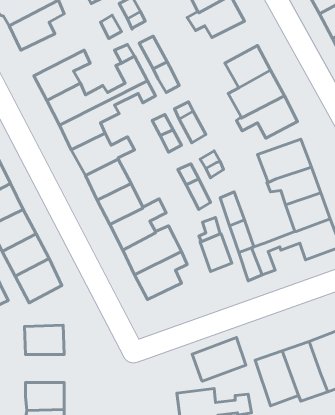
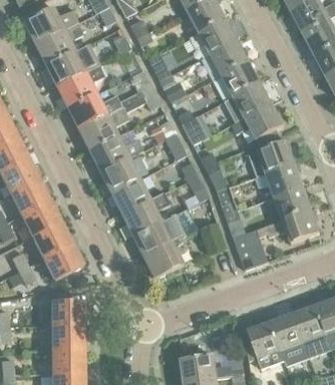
building: none -> [211,39,250,75]
building: none -> [47,43,101,86]
building: [192,337,246,381] -> none
building: none -> [51,325,84,349]

